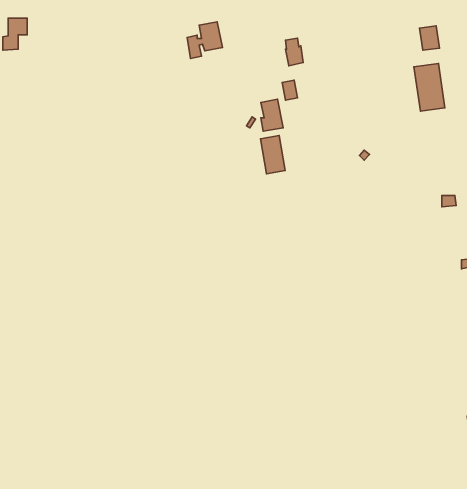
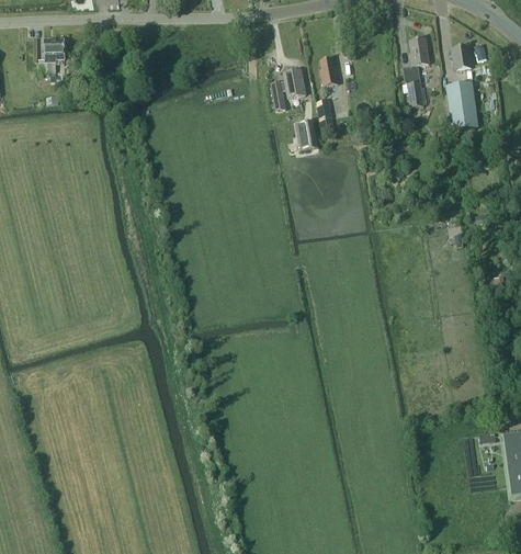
building: none -> [404,37,429,106]
building: [187,22,223,58] -> [271,68,306,104]
building: [261,135,285,174] -> none

